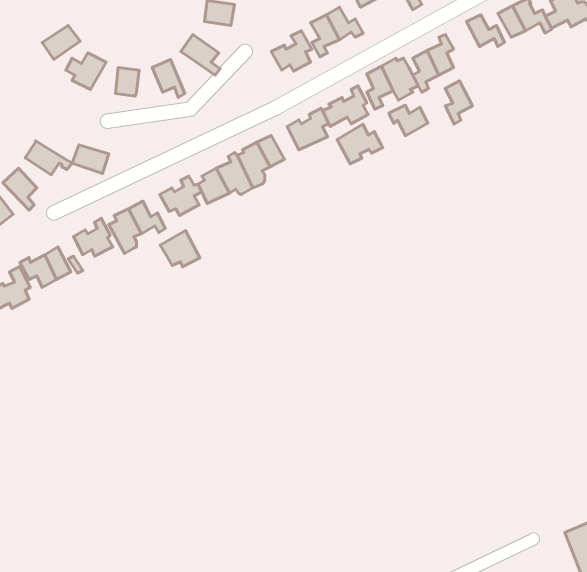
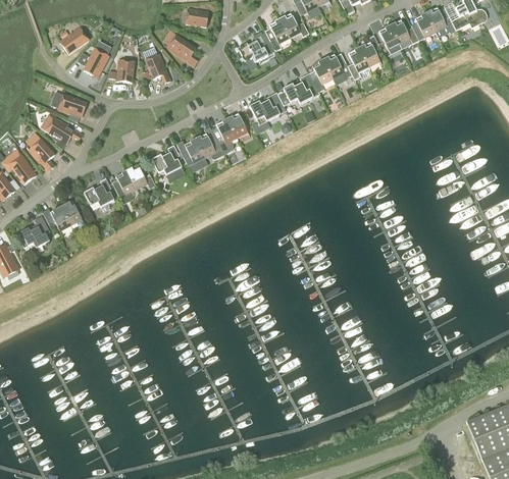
building: [445,81,473,124] -> [378,24,400,58]
building: [389,105,428,136] -> none
building: [337,124,383,164] -> none
building: [72,145,109,174] -> [58,95,87,117]
building: [160,231,200,267] -> none

